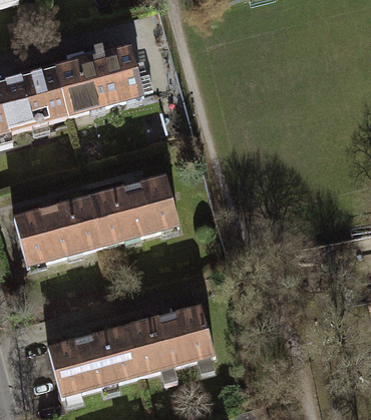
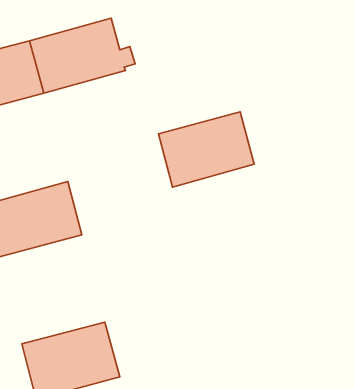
building: [89,176,177,246] -> [158,112,254,187]
building: [123,305,215,376] -> none

